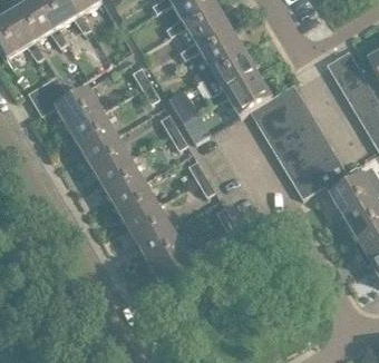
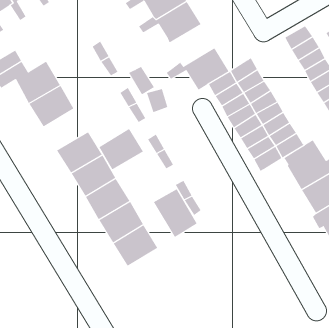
building: [194,49,256,95] -> none
building: [84,134,129,176] -> [98,128,144,170]
building: none -> [153,188,198,238]

